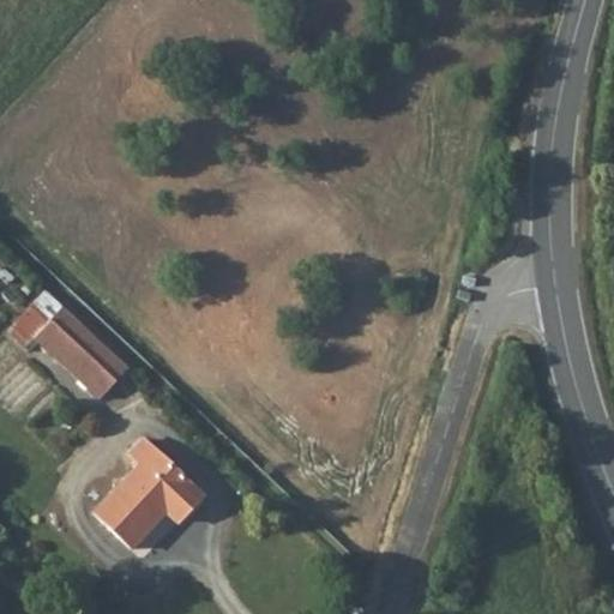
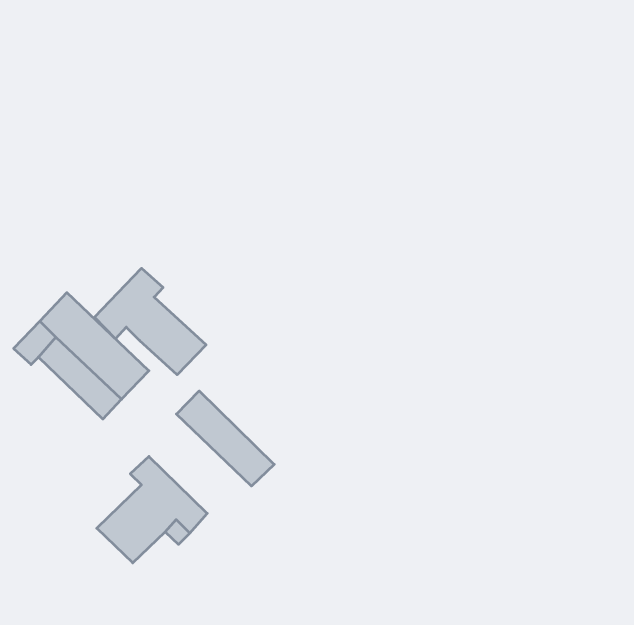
building: none -> [95,268,206,375]
building: none -> [176,391,274,486]

